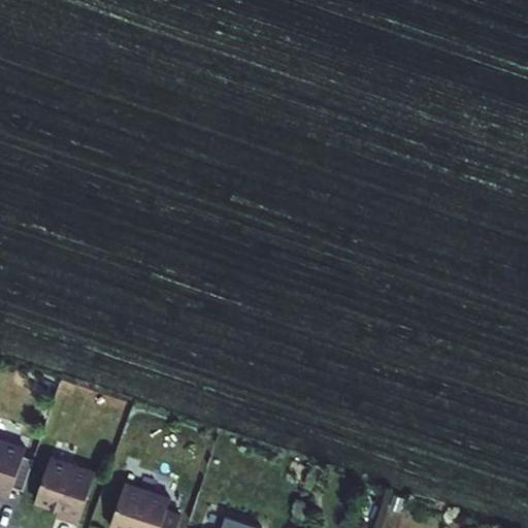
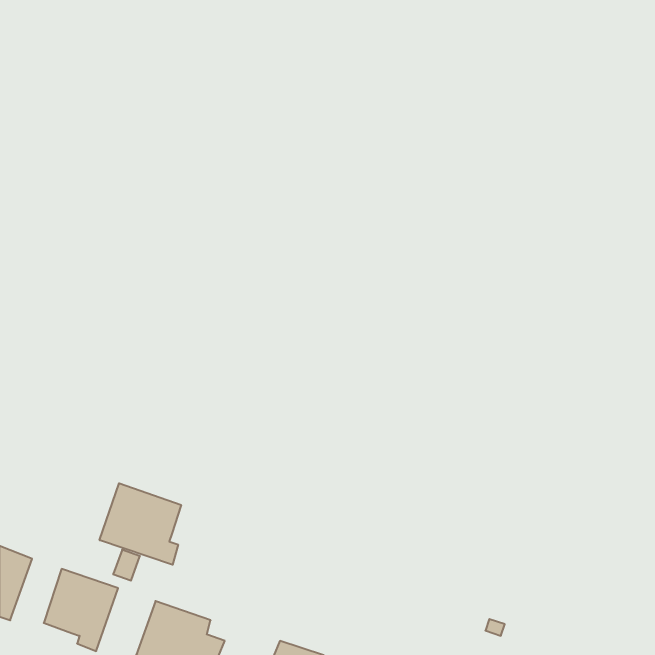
building: none -> [100,483,181,565]

